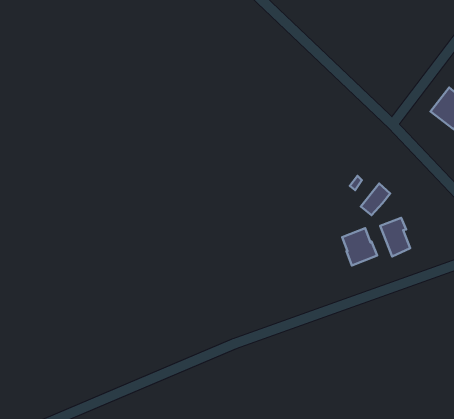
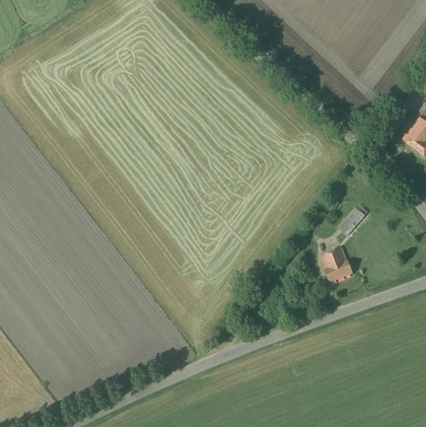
building: [380,218,410,256] -> none

